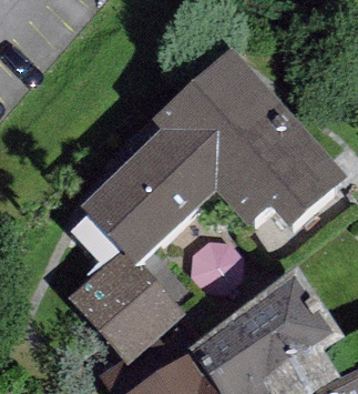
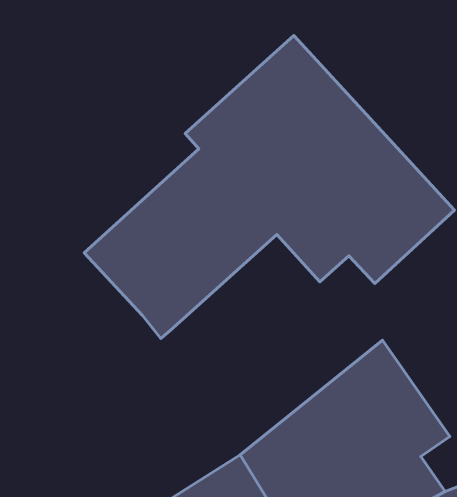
building: [68,252,184,364] -> none

